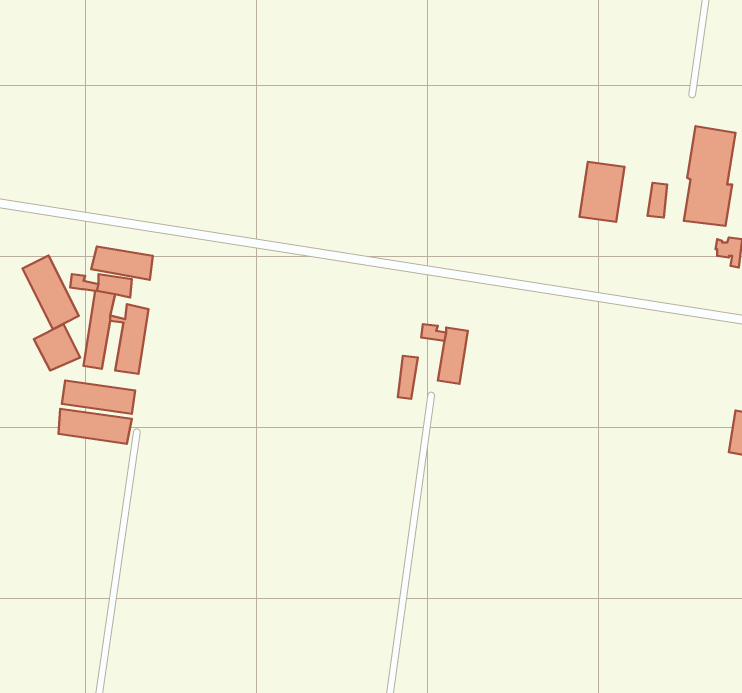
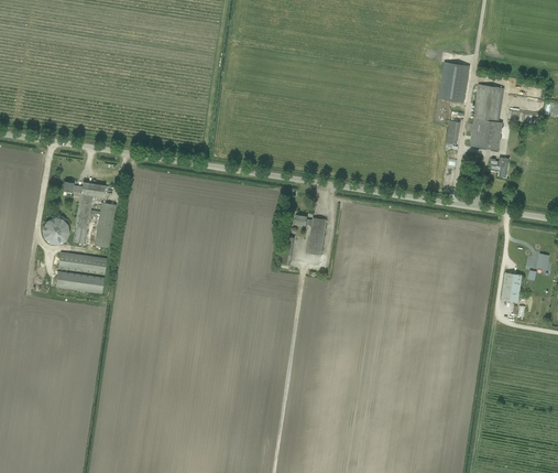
building: [579,162,624,222] -> [439,63,469,103]
building: [91,246,153,280] -> none
building: [23,255,79,329] -> none

